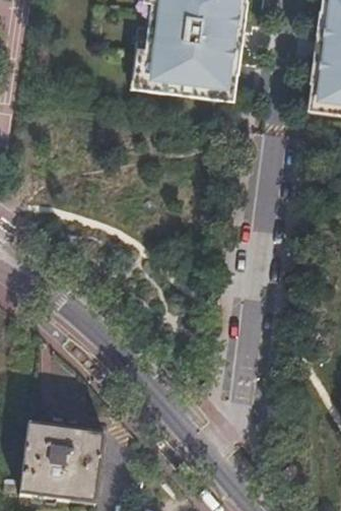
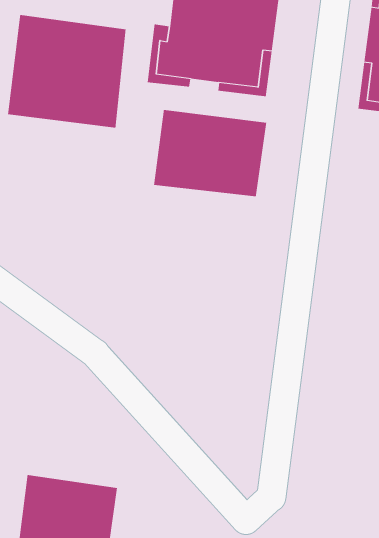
building: none -> [8,14,126,128]
building: none -> [154,109,267,197]

